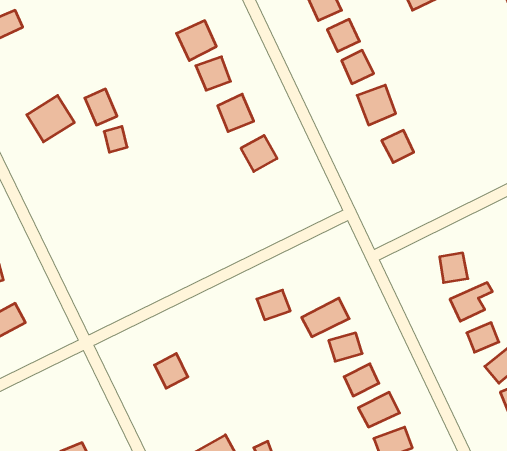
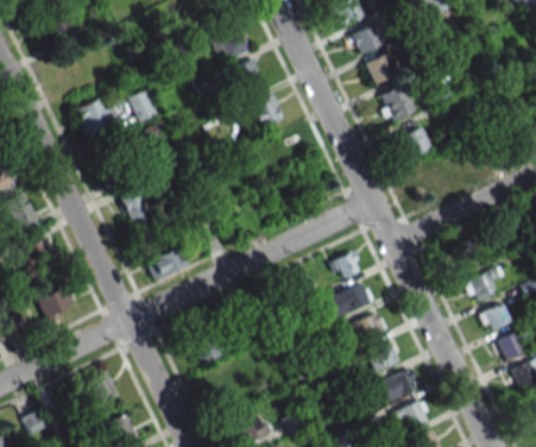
building: none -> [121,188,160,232]
building: none -> [147,245,194,281]
building: [257,290,290,320] -> [332,252,362,279]
building: none -> [84,371,116,404]

